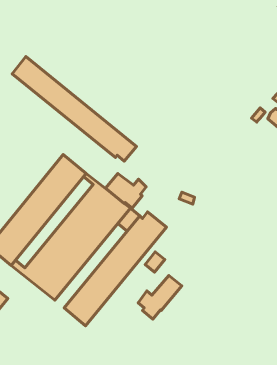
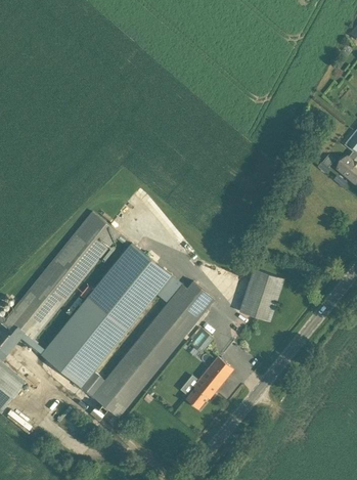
building: [12,56,136,161] -> none
building: [106,173,146,208] -> none
building: none -> [239,269,283,322]

